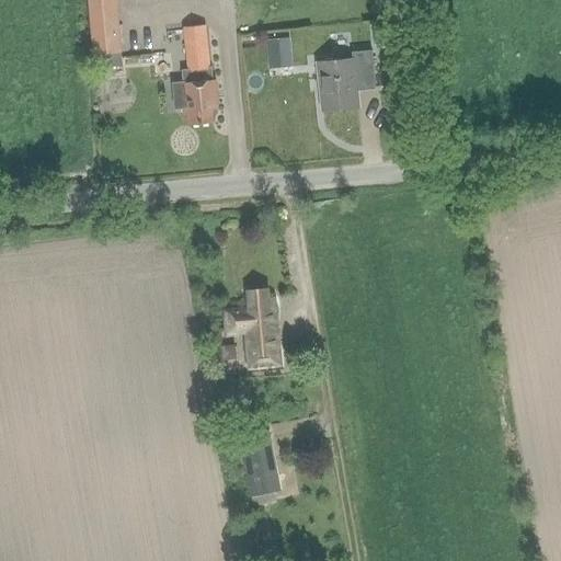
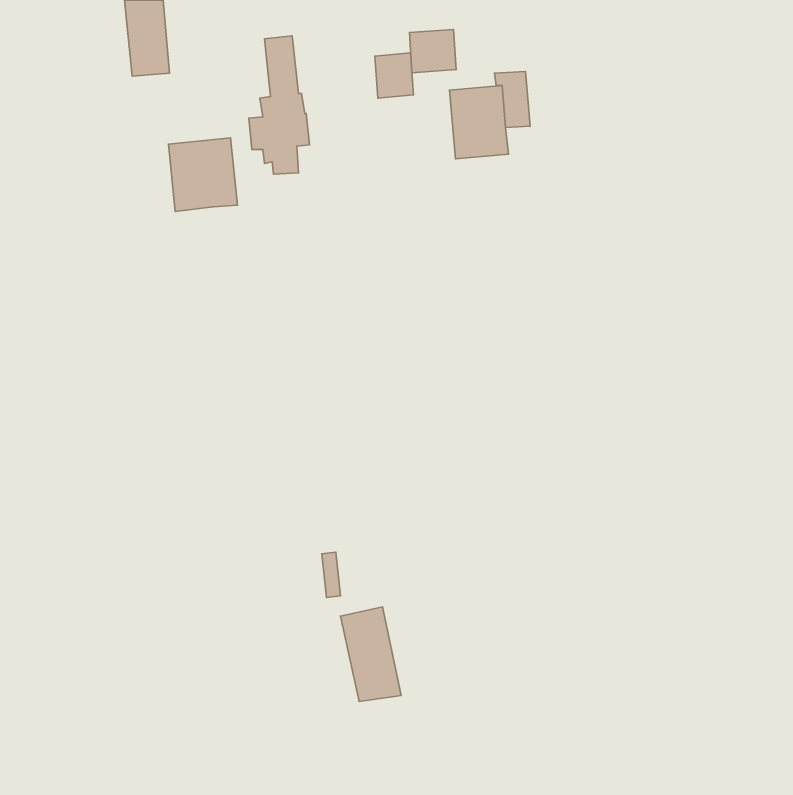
building: none -> [409,29,456,73]
building: none -> [168,138,237,212]
building: [221,288,276,366] -> none

